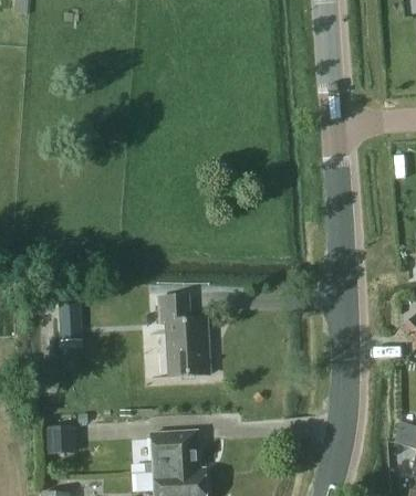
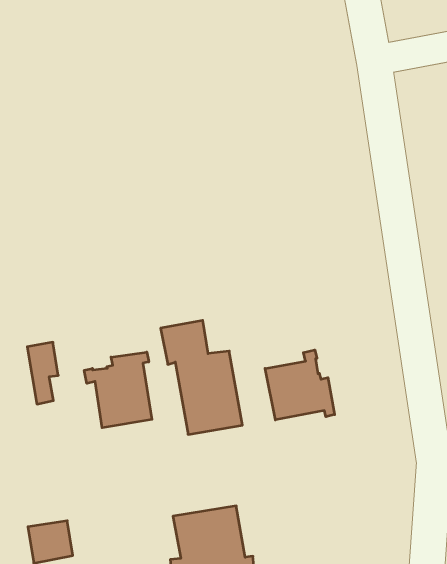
building: none -> [84,352,152,428]
building: none -> [265,350,335,420]

